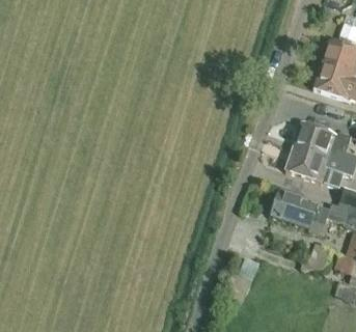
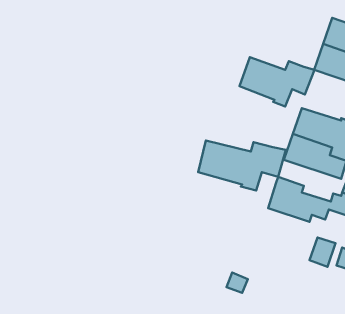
building: none -> [240,57,314,106]
building: none -> [198,140,286,191]

